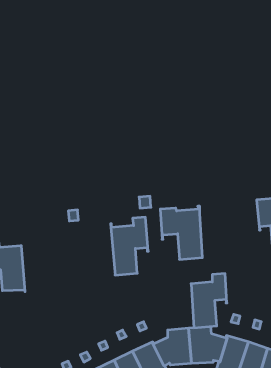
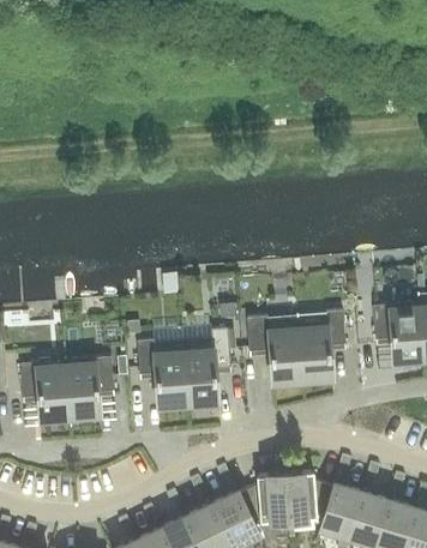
building: none -> [137,337,188,407]
building: none -> [64,356,114,426]
building: [191,274,227,328] -> [299,311,345,381]

